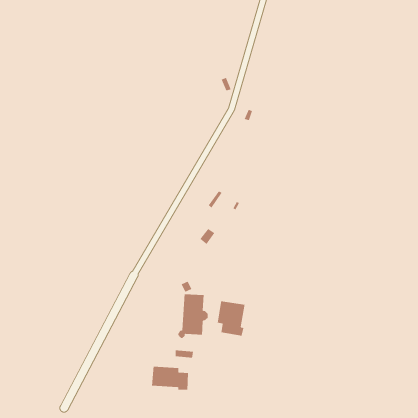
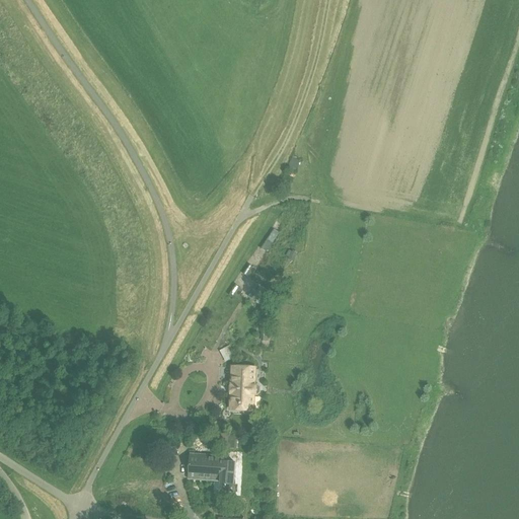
building: [217,300,245,336] -> none

